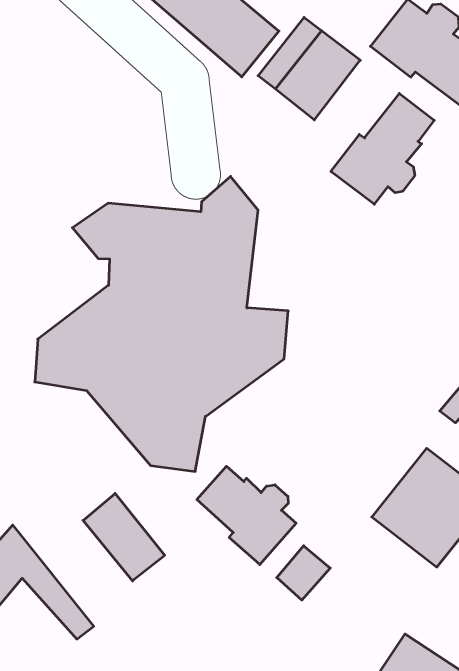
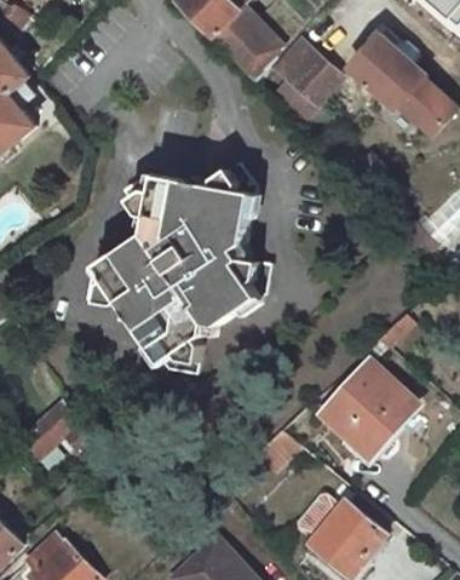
building: [331,93,434,204] -> none
building: [197,466,296,565] -> none
building: [83,493,165,581] -> none

